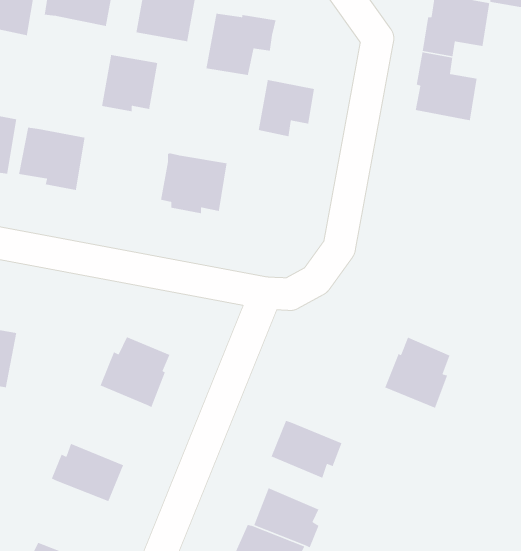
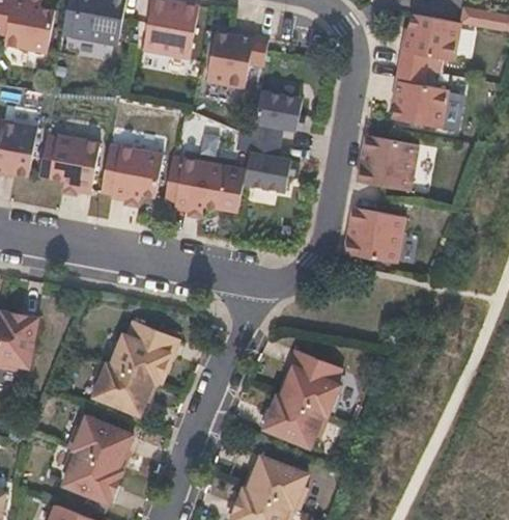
building: [101,54,158,112] -> [111,147,162,199]
building: none -> [357,135,418,191]
building: none -> [244,137,291,192]
building: none -> [343,207,404,264]
building: [384,337,451,409] -> [282,352,341,416]
building: none -> [93,362,153,416]
building: none -> [63,450,122,504]

